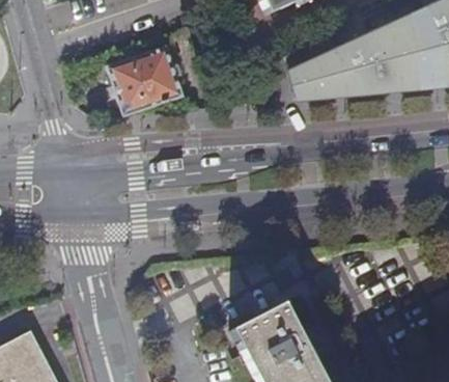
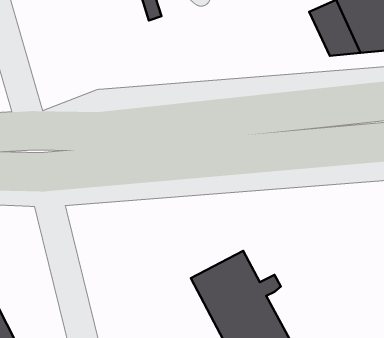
building: [106,48,183,117] -> none
building: [292,51,363,100] -> none

